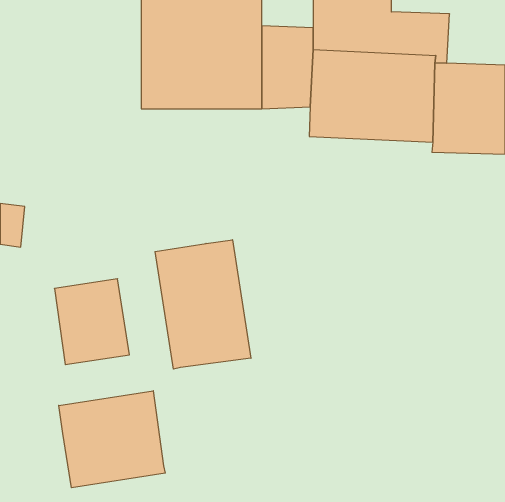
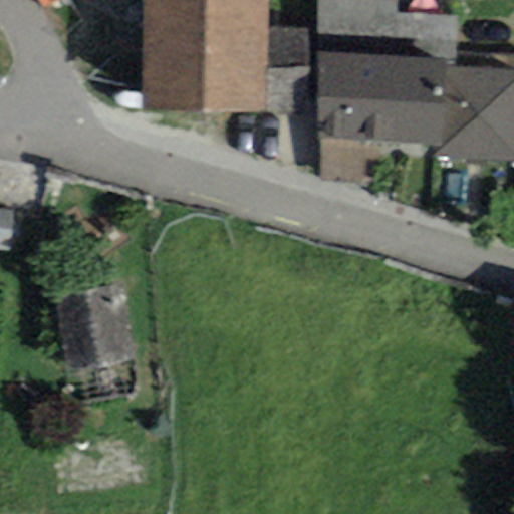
building: [155,240,251,369] -> none
building: [59,391,165,488] -> none

